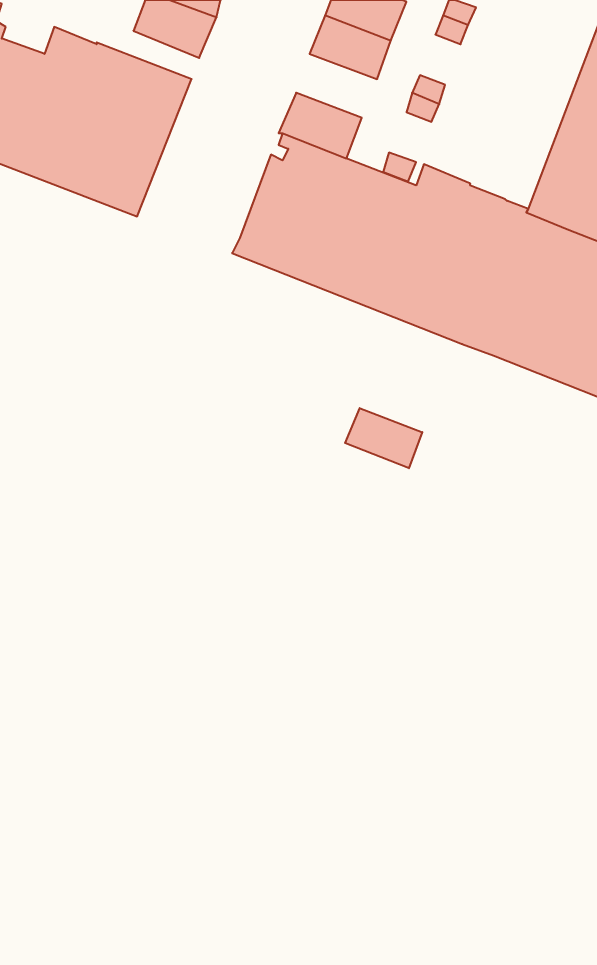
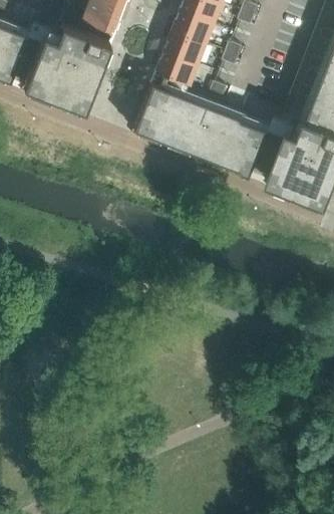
building: none -> [164,28,207,61]
building: [345,408,422,468] -> none

